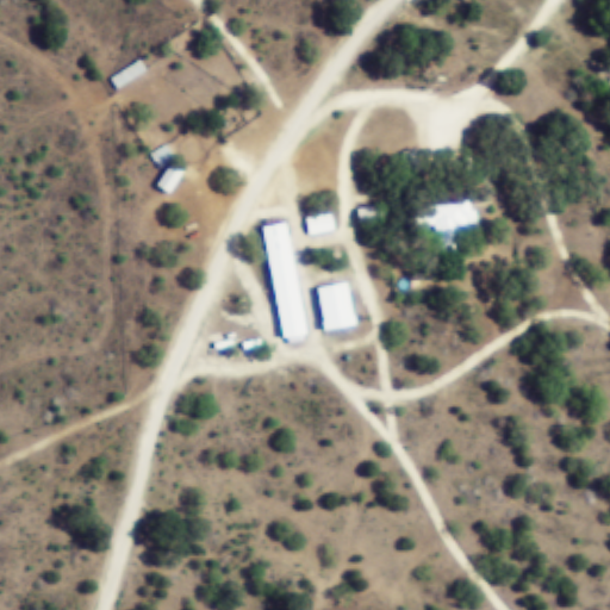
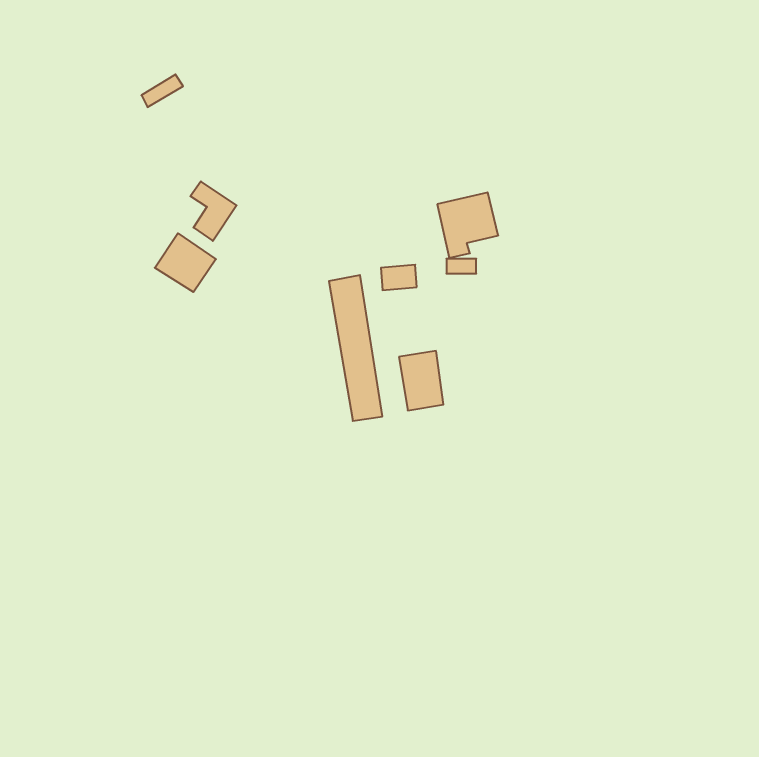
building: none -> [155,233,216,292]
building: [428,195,477,248] -> [437,192,498,258]

